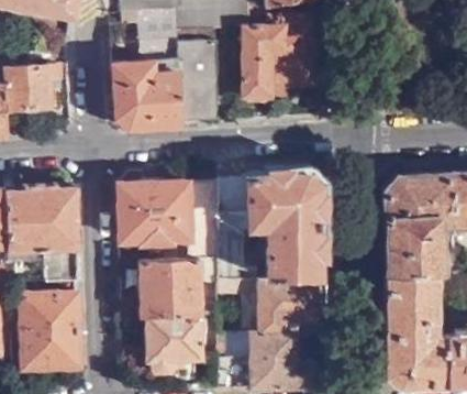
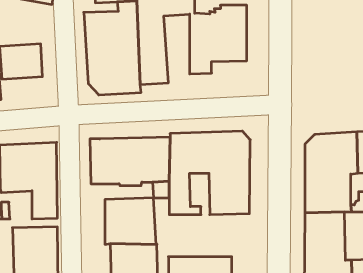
building: [216,278,318,332] -> none

